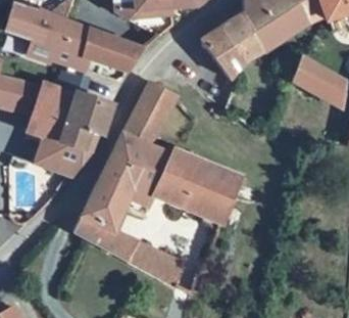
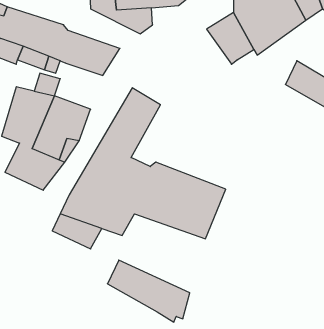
building: [202,30,242,78] -> none
building: [73,213,140,261] -> none

